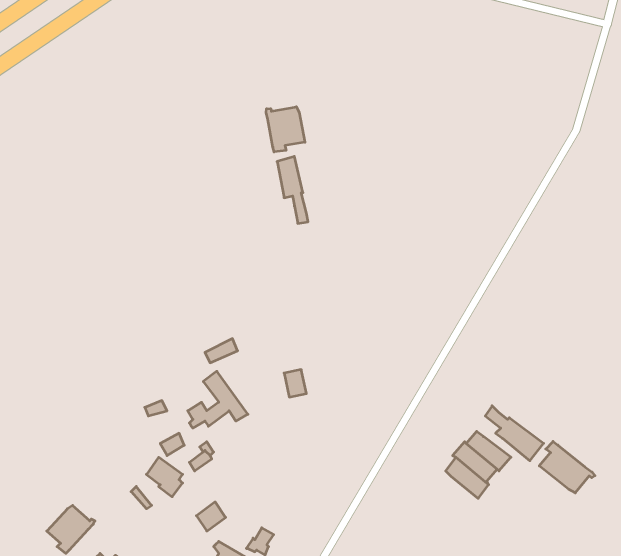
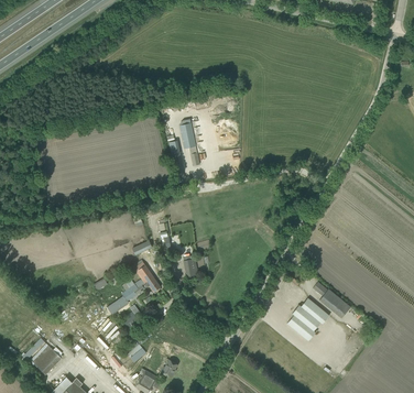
building: [266,107,305,152] -> none
building: [539,441,595,493] -> none

